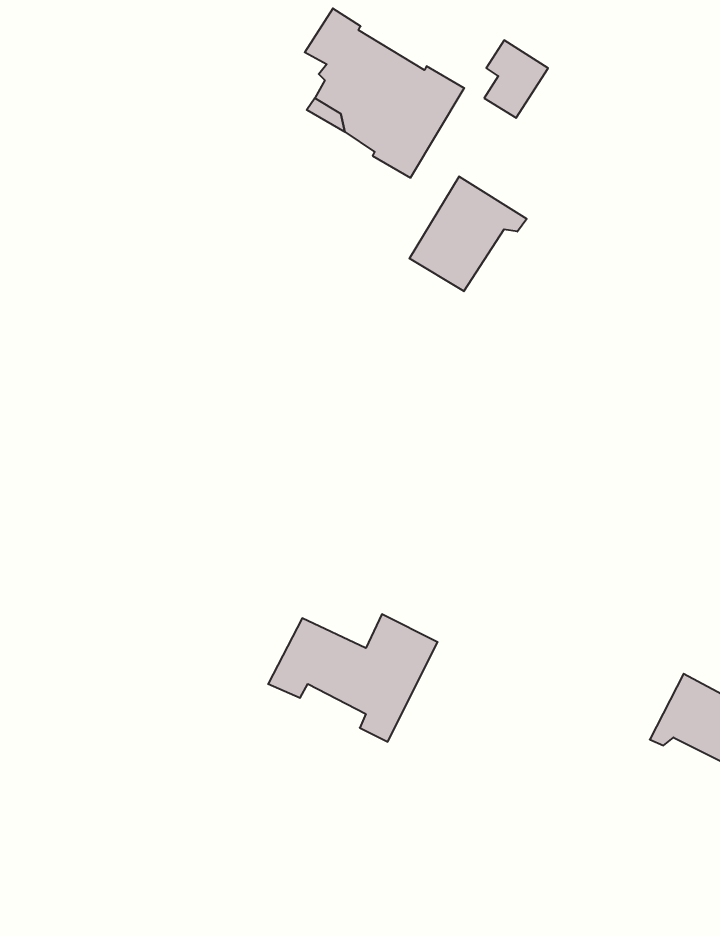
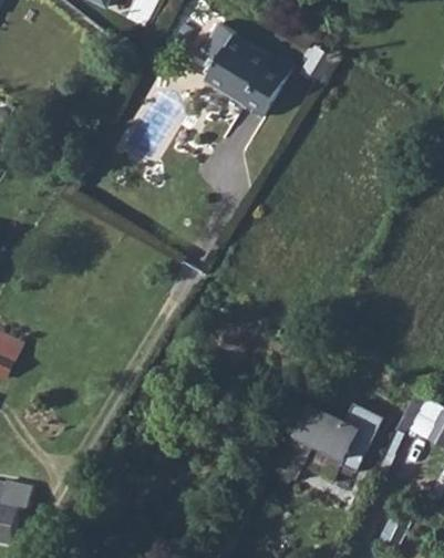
building: [409,176,527,291] -> none
building: [268,614,438,742] -> [288,402,382,473]

